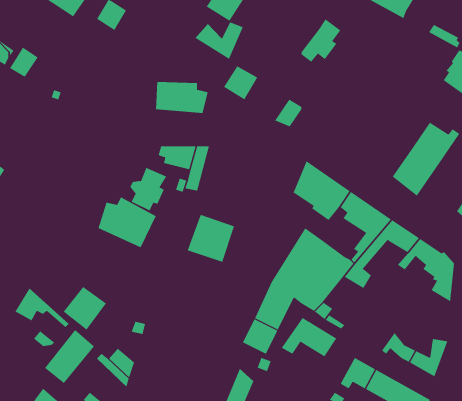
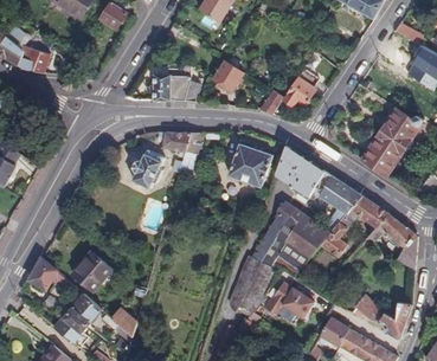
building: [301,18,341,63] -> [283,67,319,107]
building: [195,21,244,60] -> none
building: [98,197,157,248] -> none
building: [187,214,235,262] -> [229,143,271,186]

